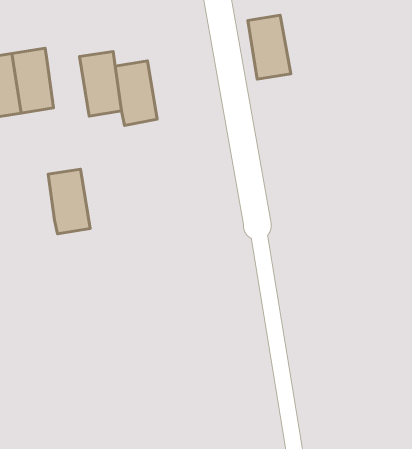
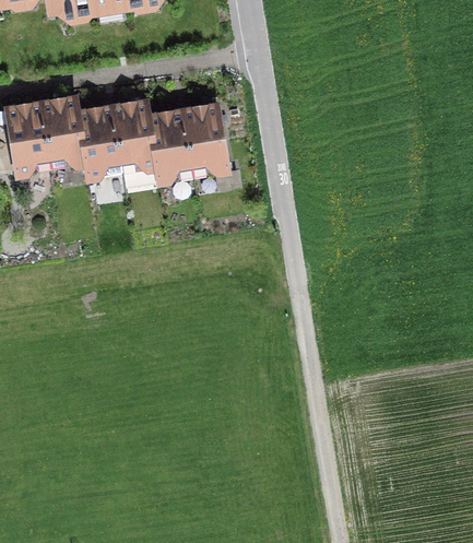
building: [248,15,291,79] -> [181,105,226,172]
building: [48,169,90,234] -> [76,106,120,174]

